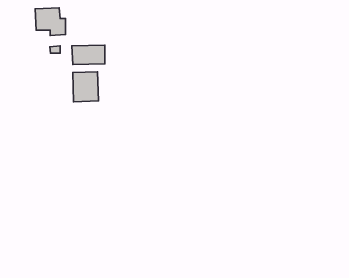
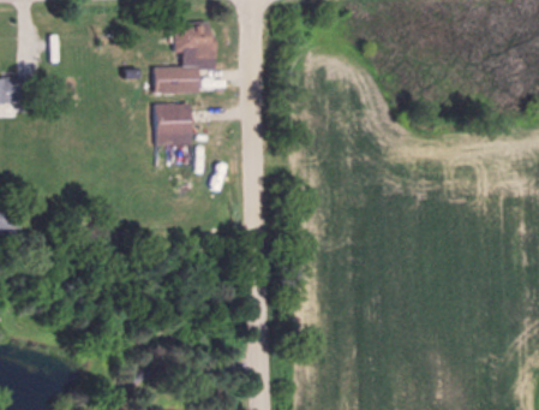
building: [35,8,65,35] -> [173,23,214,60]

